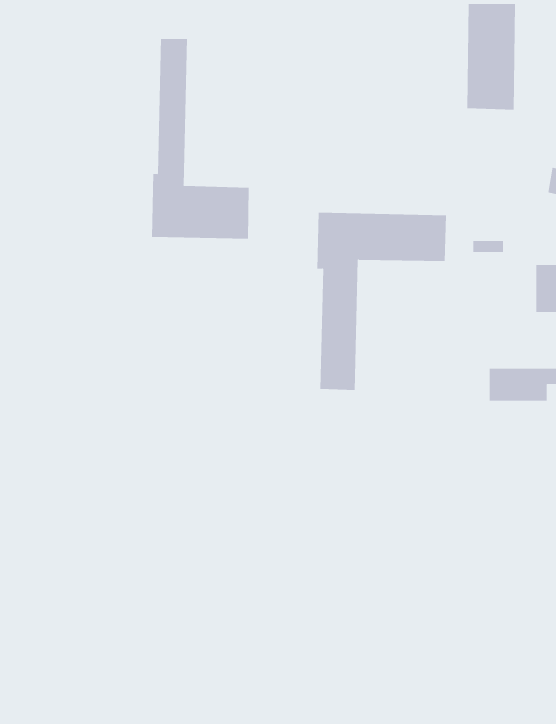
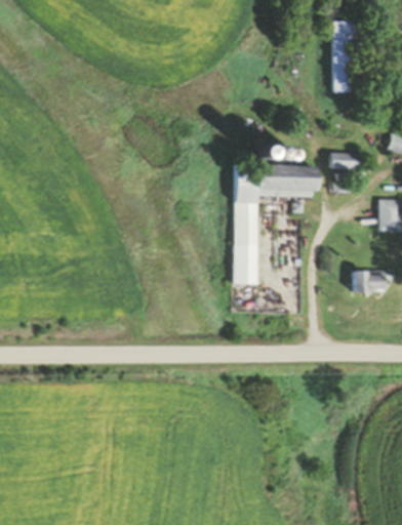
building: [152,38,249,240] -> none
building: none -> [330,154,364,169]

